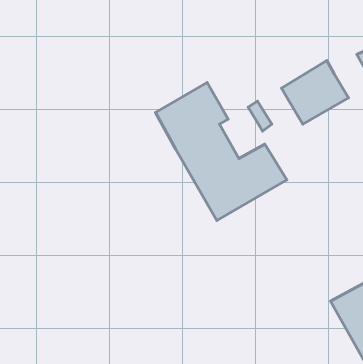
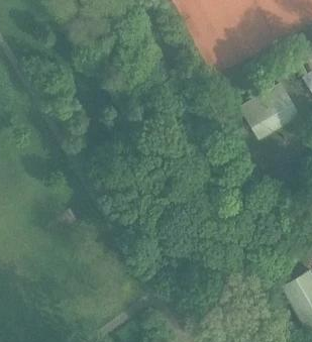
building: [155,82,287,220] -> none

